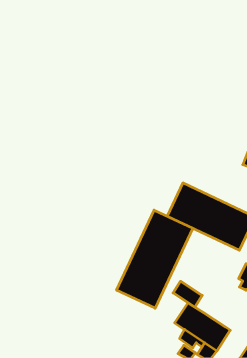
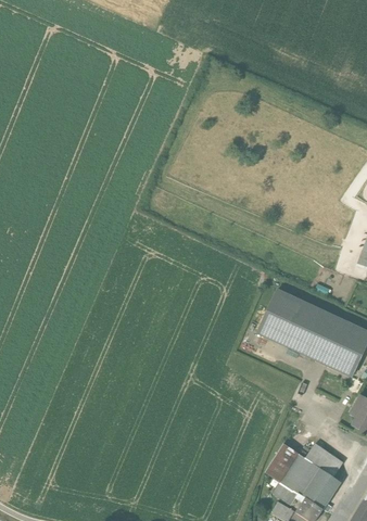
building: [117,210,193,308] -> none
building: [173,281,202,307] -> [305,443,343,476]

